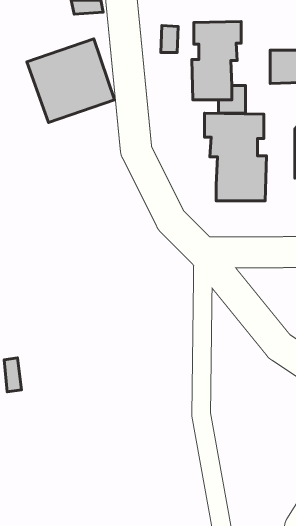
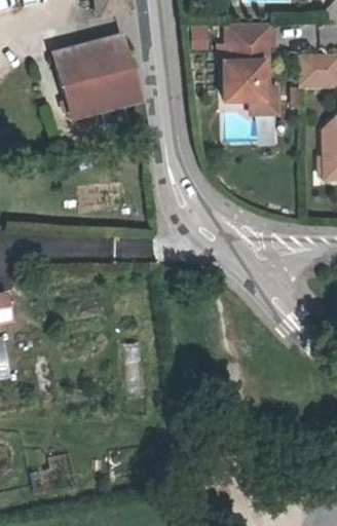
building: [205,113,266,201] -> none

